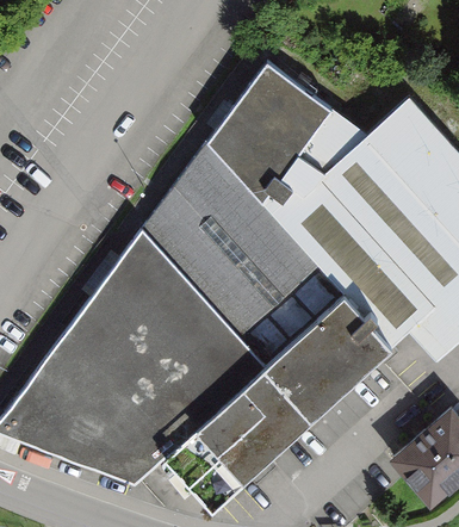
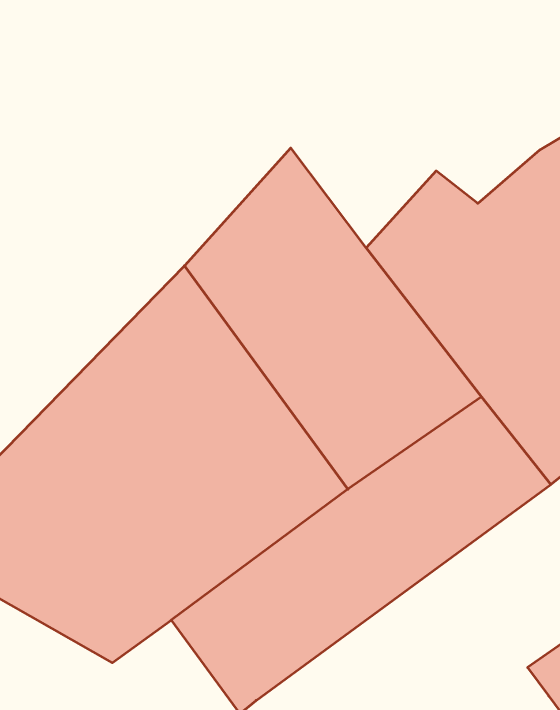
building: [206,61,365,206] -> none

